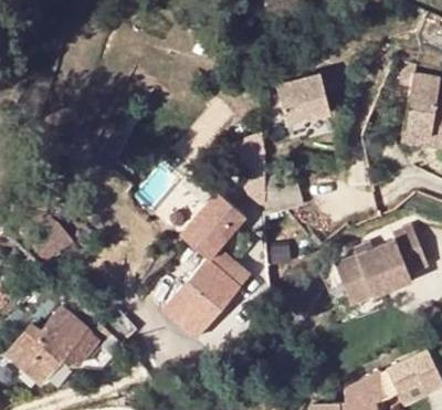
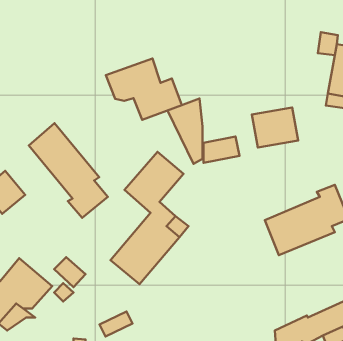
building: [280,71,330,115] -> [252,107,298,148]
building: none -> [106,58,182,120]
building: none -> [29,123,108,218]

